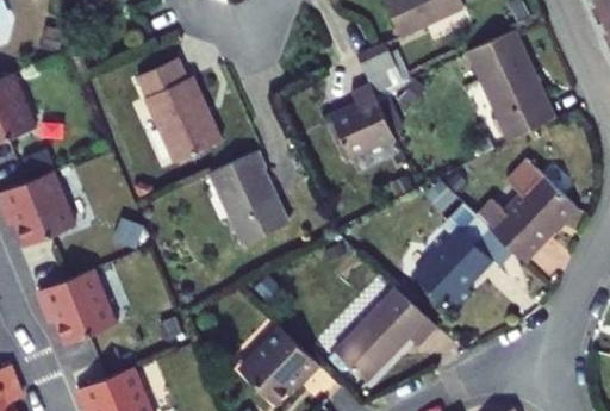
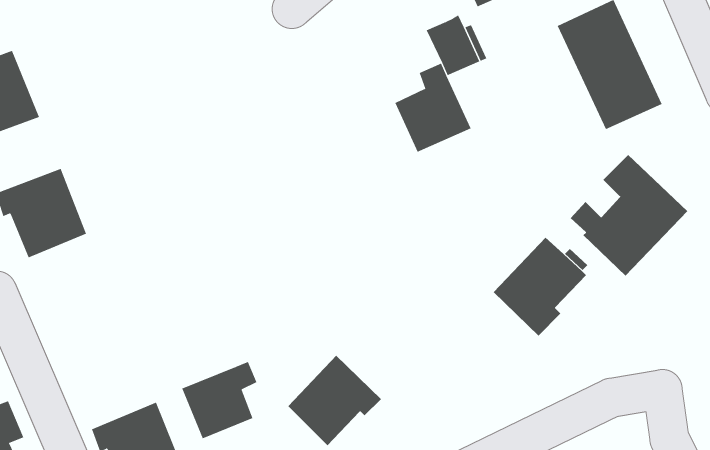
building: [137,58,222,163] -> none
building: [211,151,287,244] -> none
building: [37,269,114,344] -> none
building: [336,288,436,381] -> none
building: none -> [181,361,257,439]

